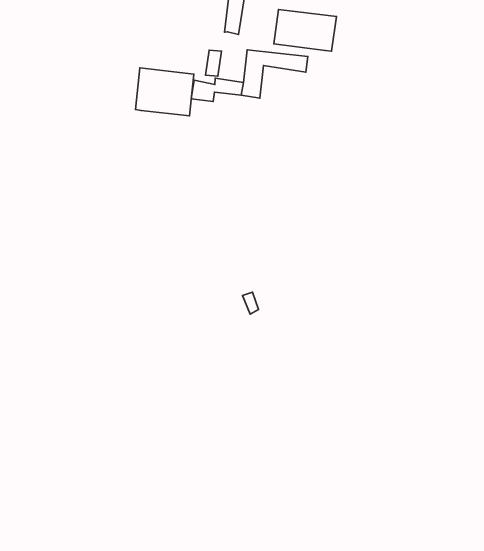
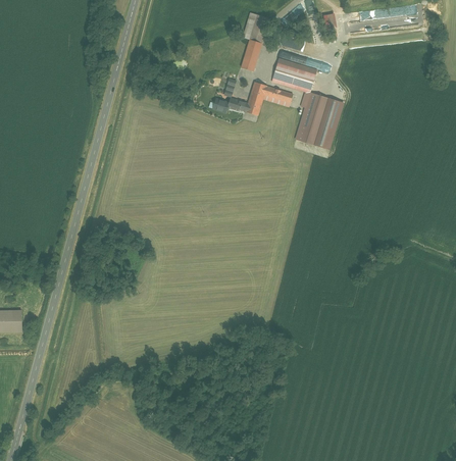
building: none -> [296,91,332,145]
building: [136,68,194,116] -> none

